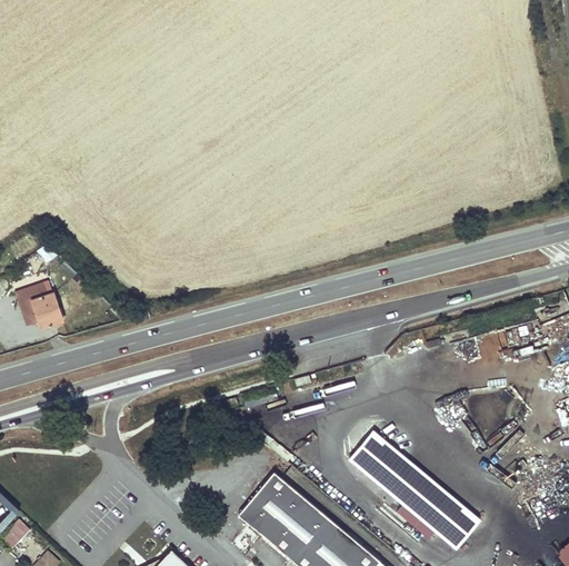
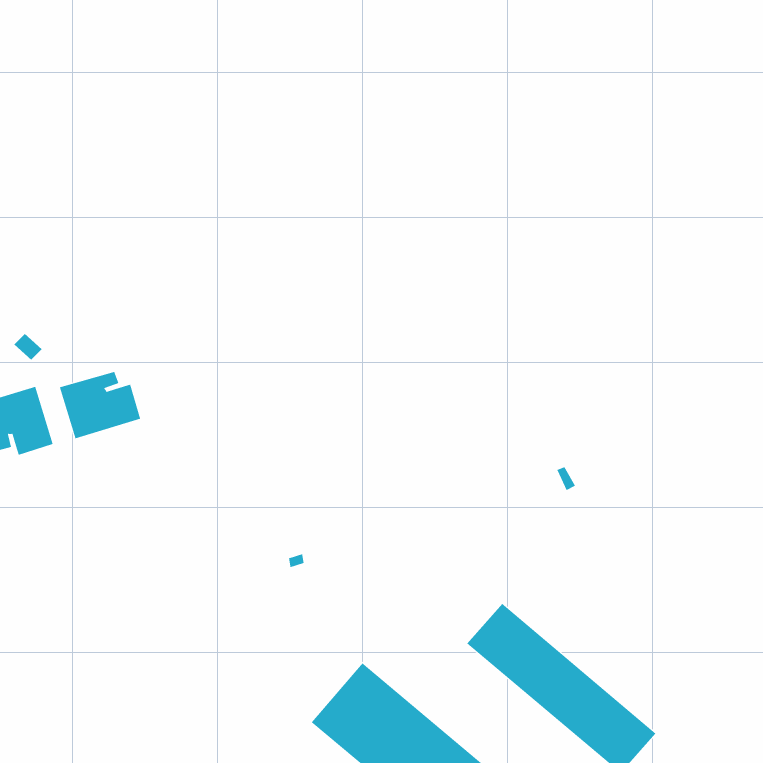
building: none -> [59,371,141,439]

